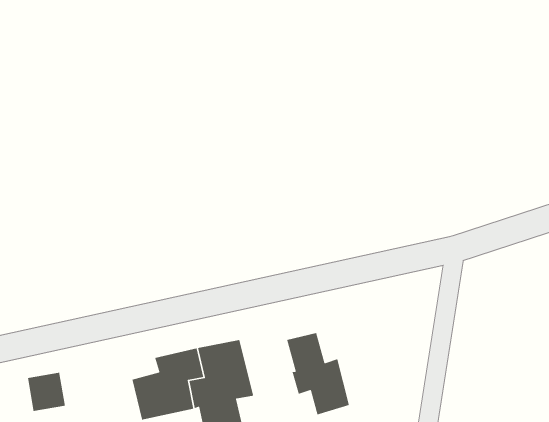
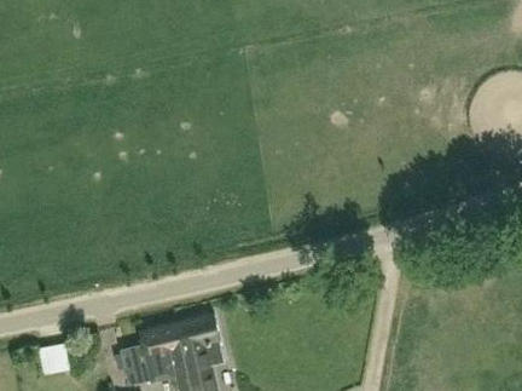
building: [286,332,350,415] -> none

